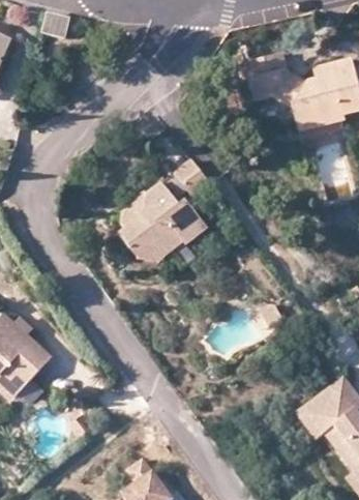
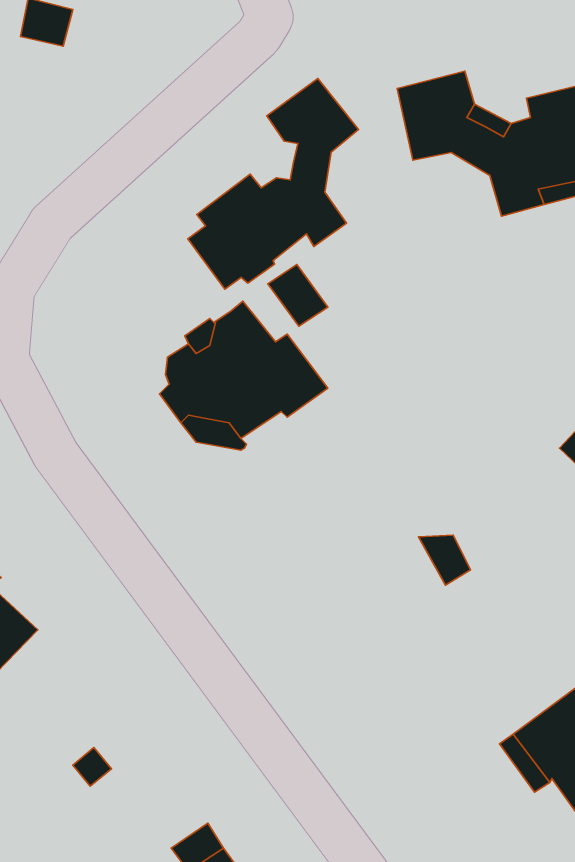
building: none -> [188,78,359,289]

